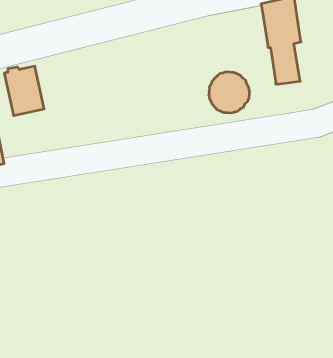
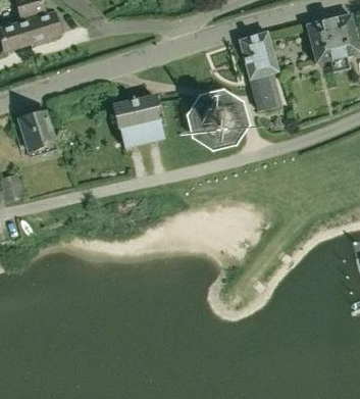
building: none -> [112,94,163,148]

